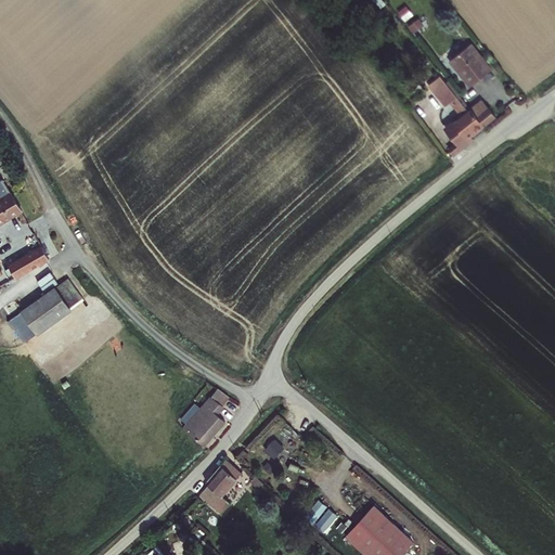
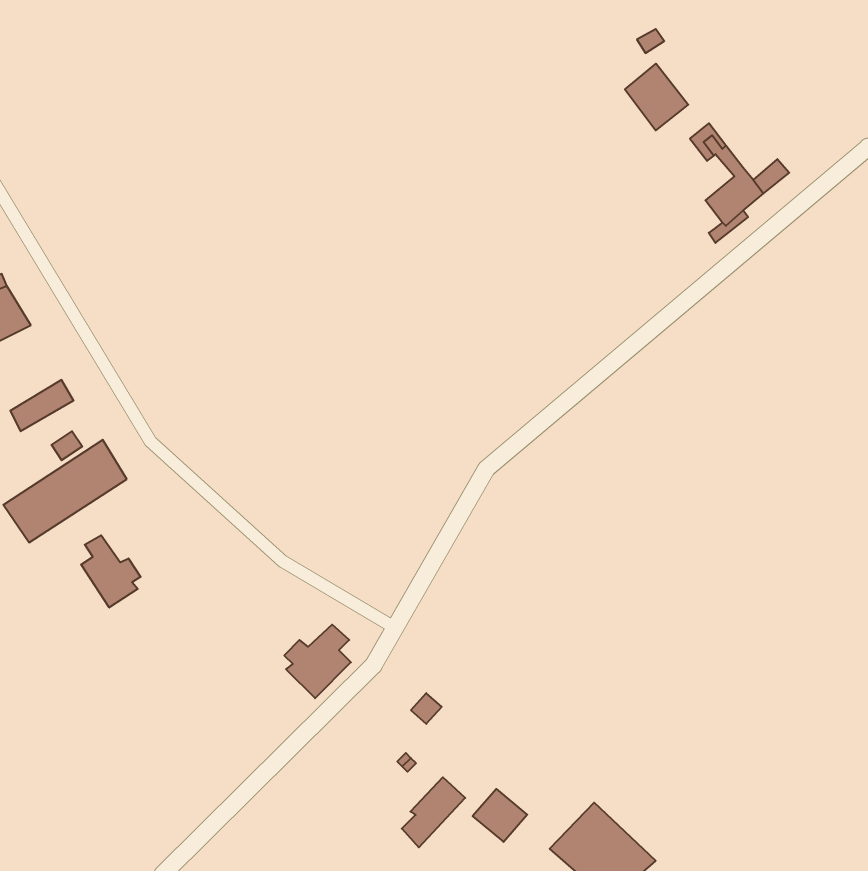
building: [450,44,490,87] -> [625,64,688,130]
building: none -> [81,535,141,608]
building: [202,461,242,505] -> [402,777,465,847]

